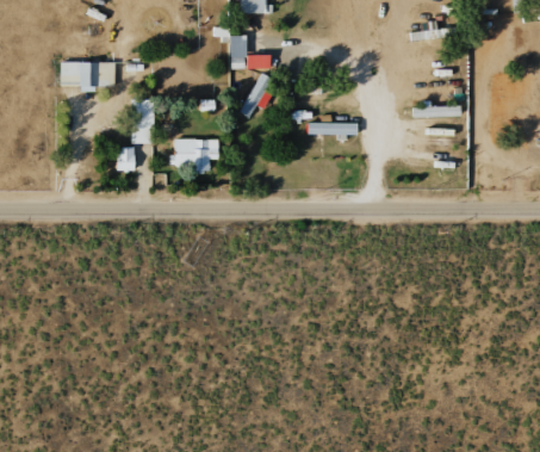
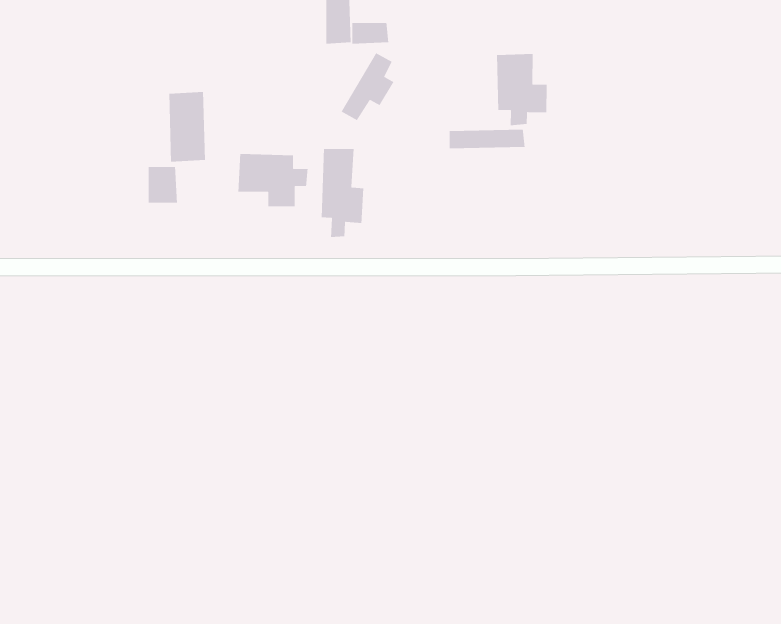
building: [61,61,116,92] -> none
building: none -> [496,53,547,126]
building: none -> [321,148,364,238]

